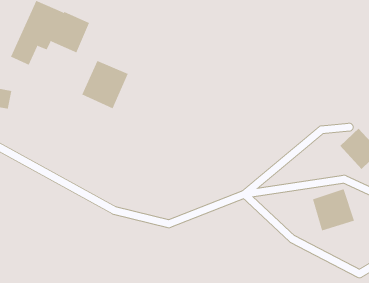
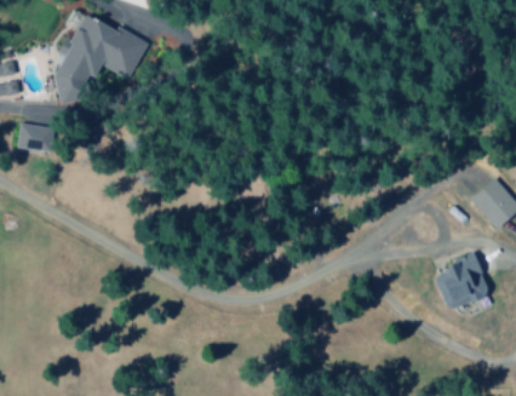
building: [81,60,129,109] -> none

